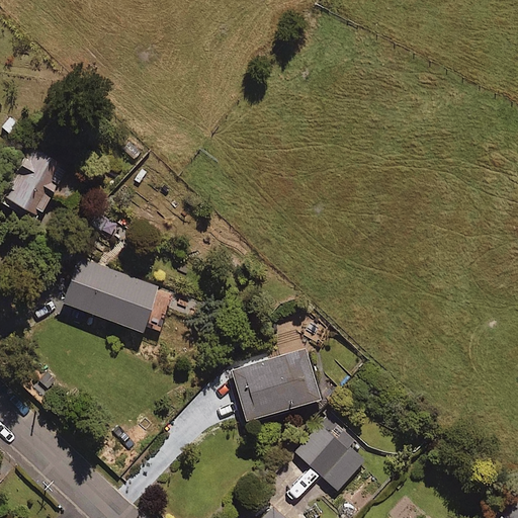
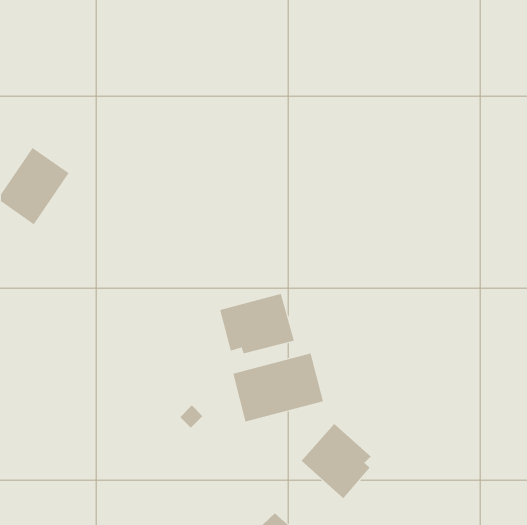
building: [63,261,156,330] -> none
building: none -> [219,293,294,354]

